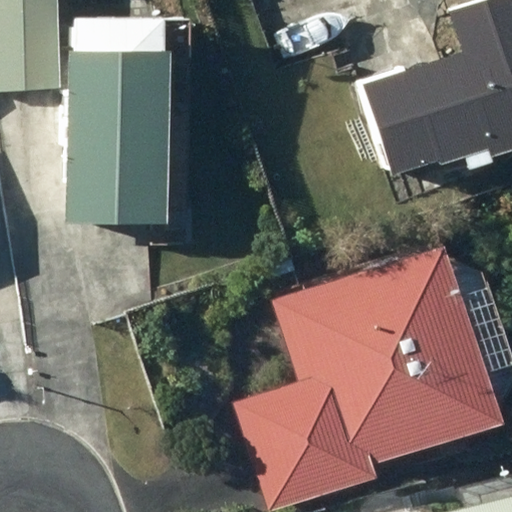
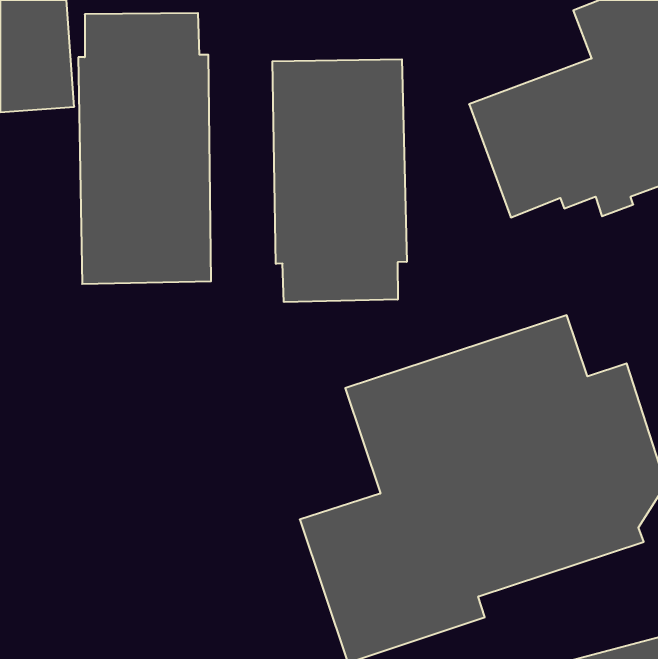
building: none -> [272,59,407,302]

